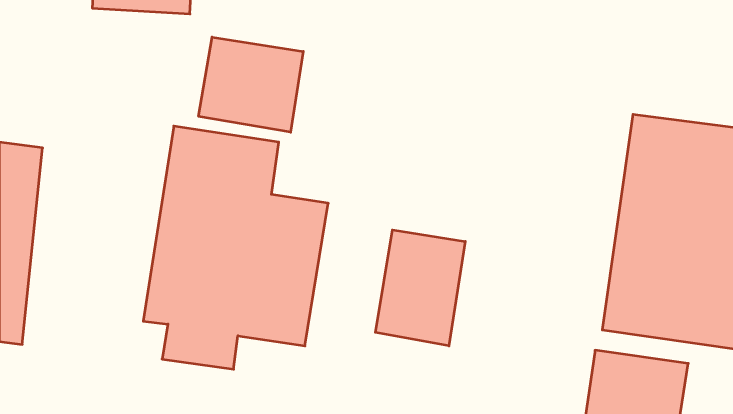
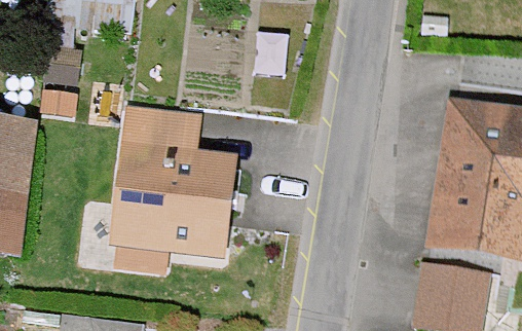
building: [199,37,303,132] -> none
building: [375,230,465,346] -> none

